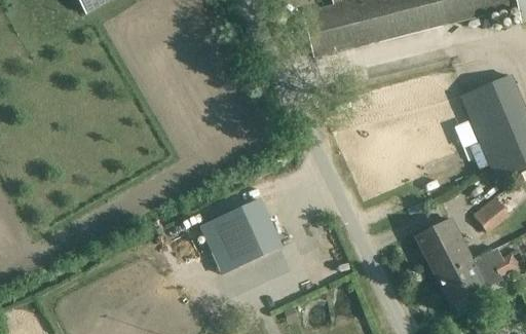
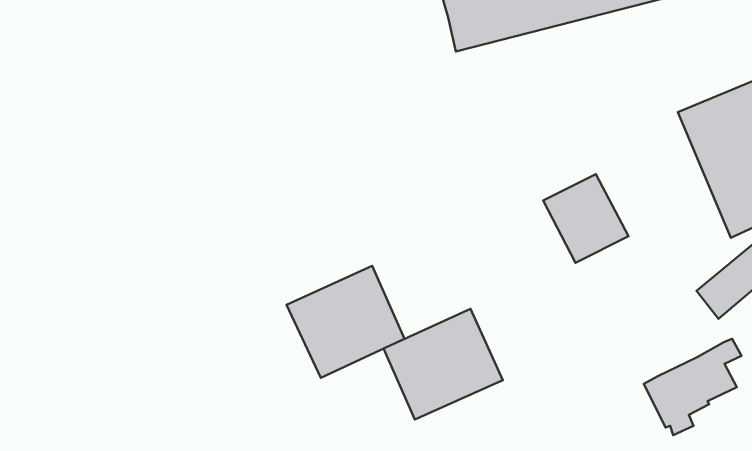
building: [416,218,473,276] -> [543,174,628,263]
building: none -> [384,309,503,419]

